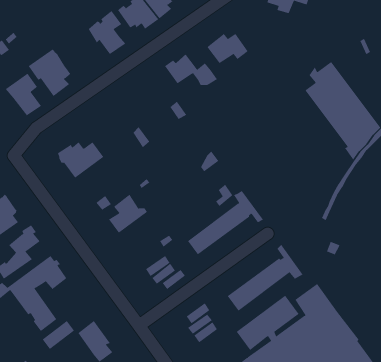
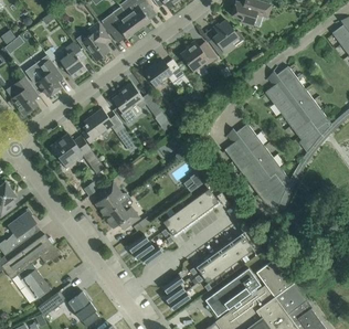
building: none -> [209,20,239,55]
building: none -> [60,41,86,77]
building: none -> [112,82,147,125]
building: none -> [82,108,114,144]
building: none -> [224,124,289,210]
building: none -> [104,197,139,229]

